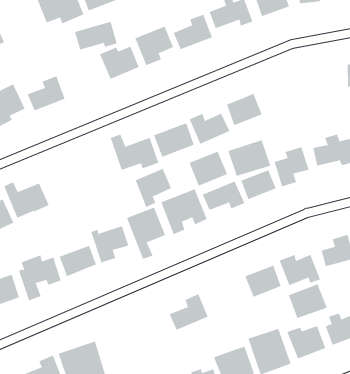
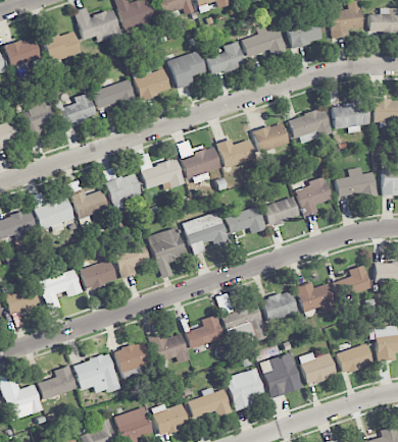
building: none -> [43,30,81,63]
building: [74,21,118,50] -> [94,81,136,108]
building: none -> [332,102,369,133]
building: [227,139,271,176] -> [290,109,332,144]
building: [189,151,228,186] -> none
building: [135,168,172,208] -> [106,173,142,211]
building: none -> [70,190,109,219]
building: none -> [220,301,268,341]
building: [288,283,328,319] -> none
building: none -> [149,333,190,364]
building: none -> [114,341,152,377]

